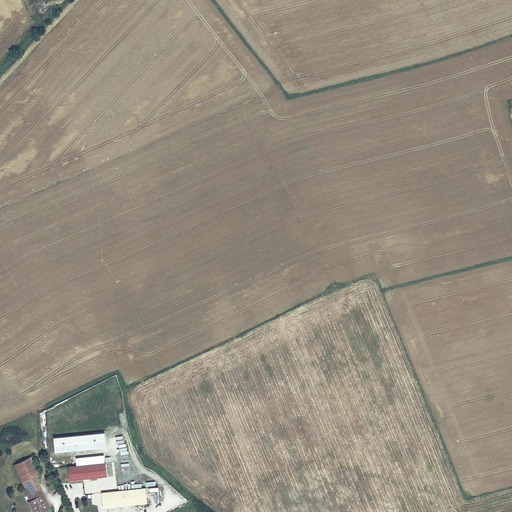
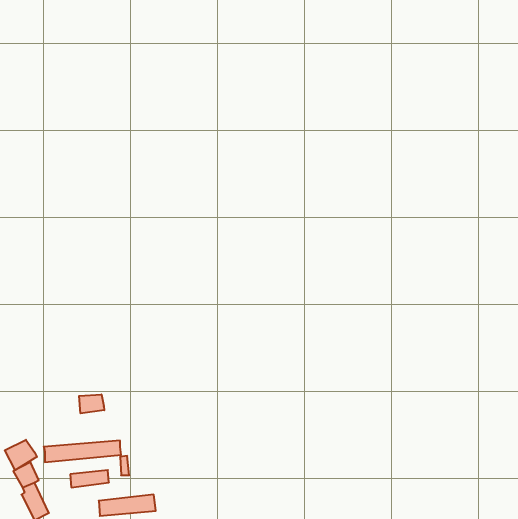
building: none -> [79,394,104,413]
building: none -> [5,440,37,470]

